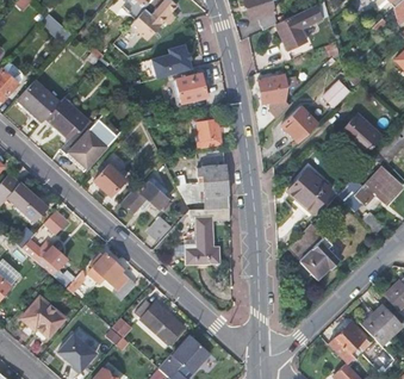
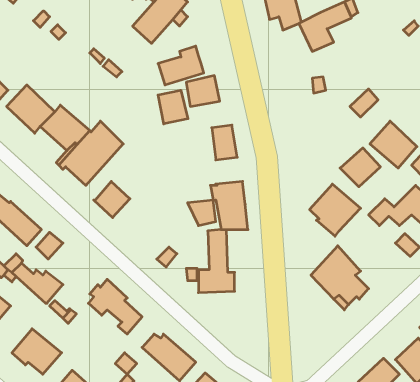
building: [259,75,290,117] -> none
building: none -> [158,90,188,124]
building: [281,107,317,142] -> [340,148,380,187]
building: [122,178,169,215] -> none

